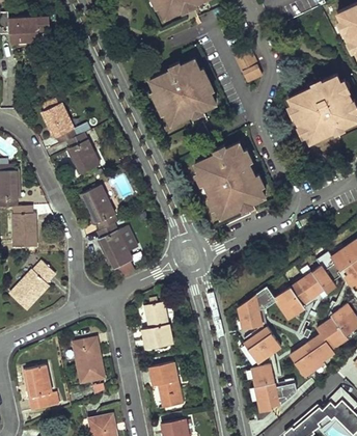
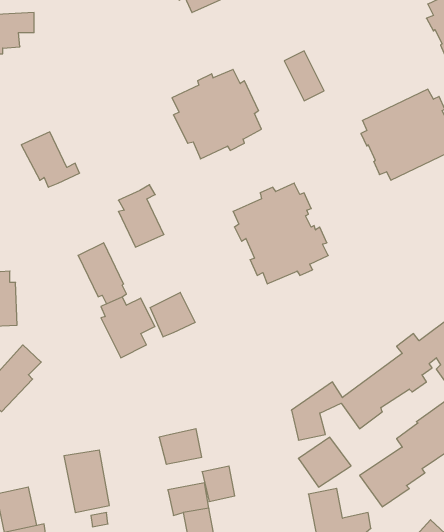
building: [67,131,101,176] -> [118,185,164,247]
building: none -> [150,292,195,337]
building: [144,300,168,326] -> [202,466,235,502]

